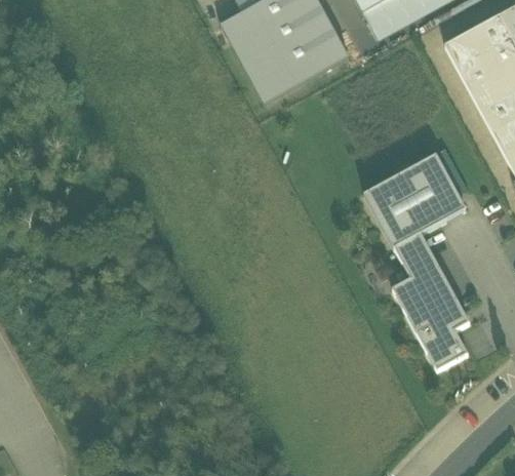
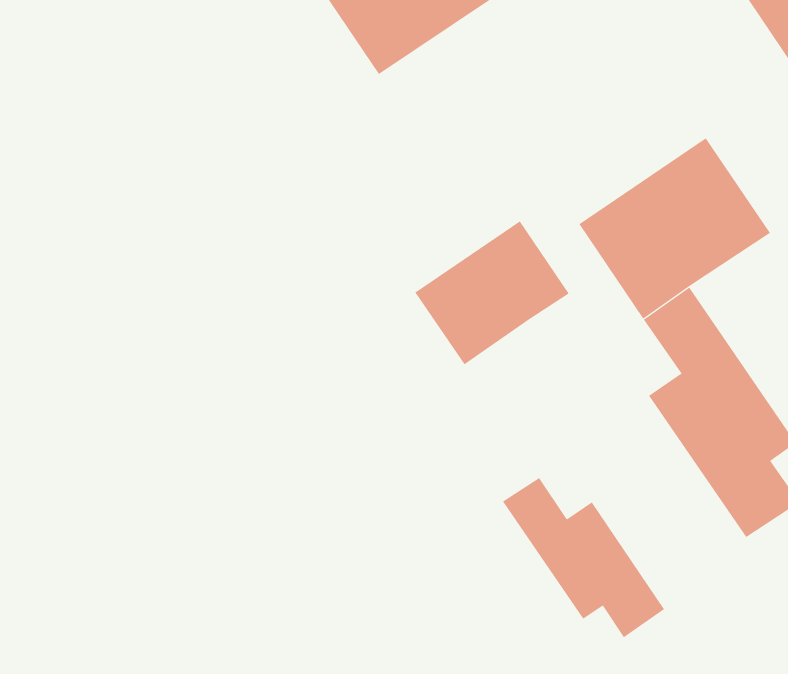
building: none -> [415,221,570,365]
building: none -> [502,477,665,638]

